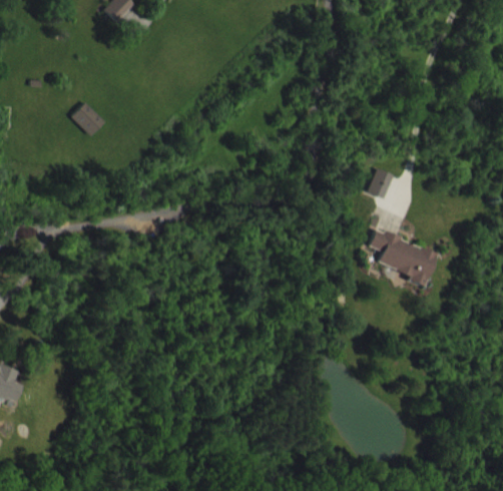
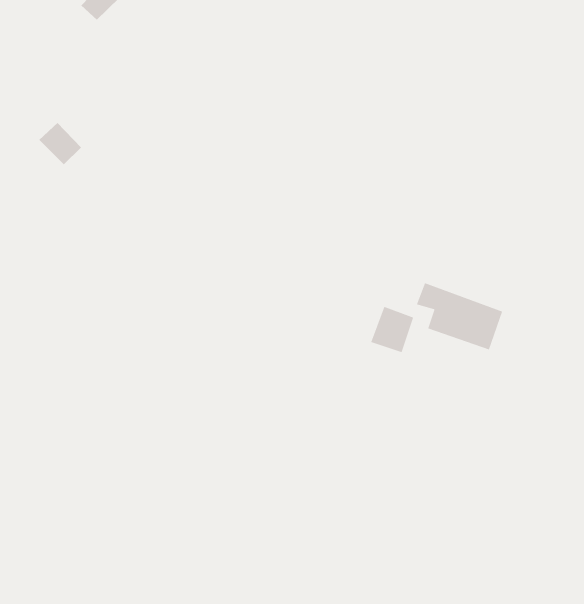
building: [367,167,394,199] -> none
building: none -> [370,306,414,353]

